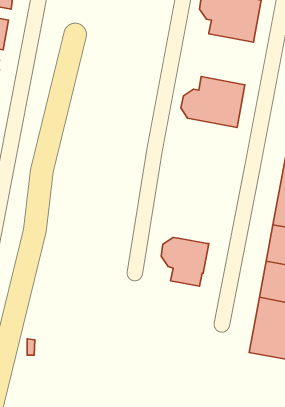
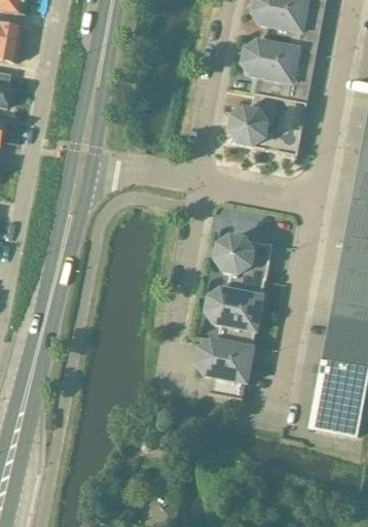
building: none -> [241,40,316,104]
building: none -> [214,237,271,295]
building: none -> [194,340,252,399]

